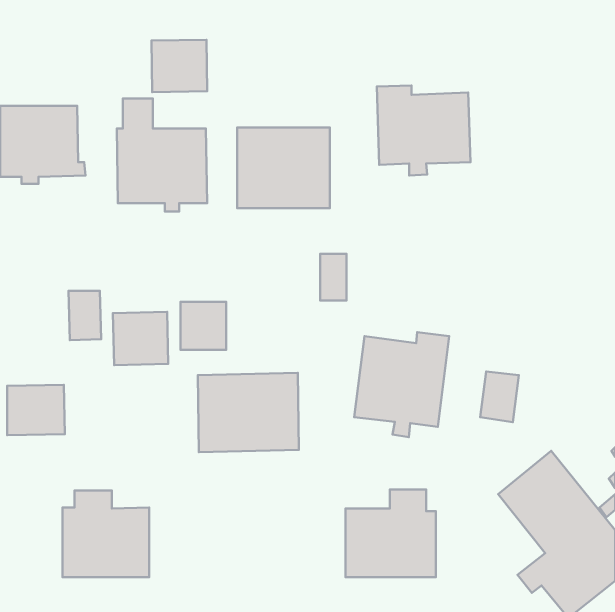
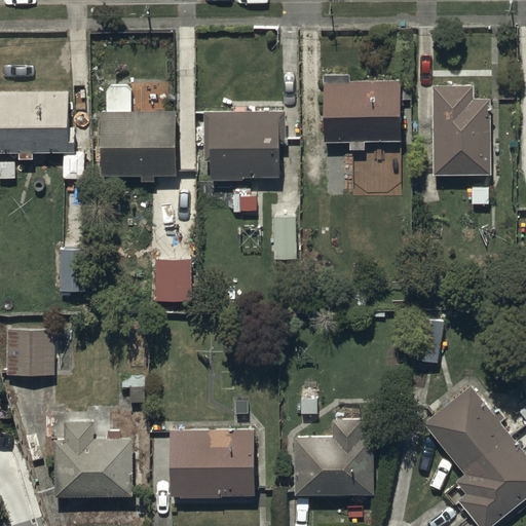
building: [151,40,207,92] -> none
building: none -> [430,85,490,177]
building: [113,312,168,365] -> none
building: [354,332,449,437] -> none
building: [198,373,299,452] -> [167,428,254,496]

